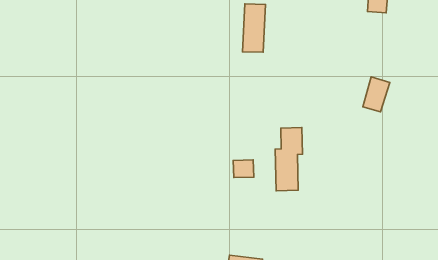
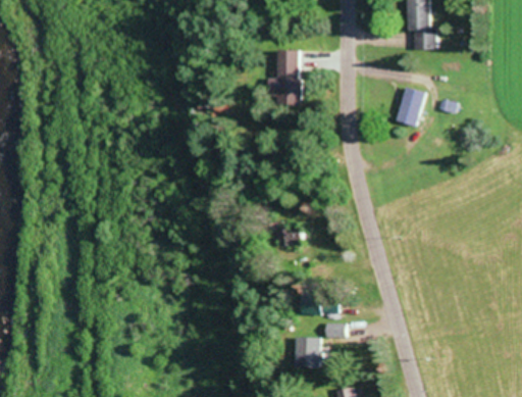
building: [363,77,390,112] -> [397,87,425,126]
building: [275,128,302,191] -> none

